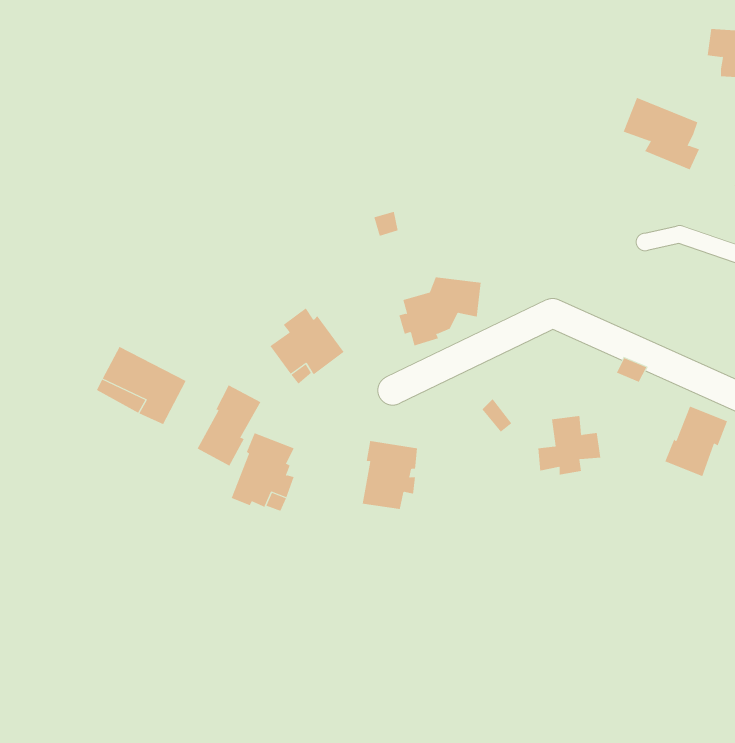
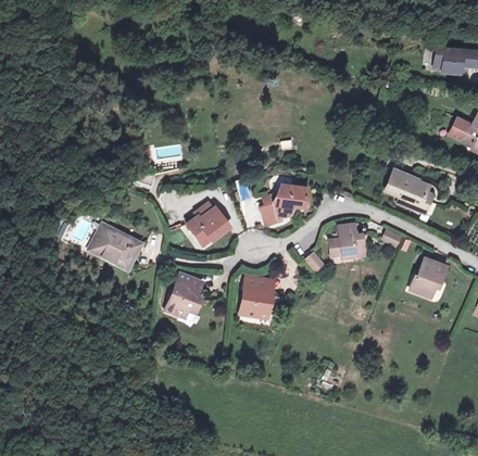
building: [623,97,700,170] -> [387,170,430,212]
building: [197,384,261,466] -> none
building: [538,415,601,475] -> [330,224,366,257]

